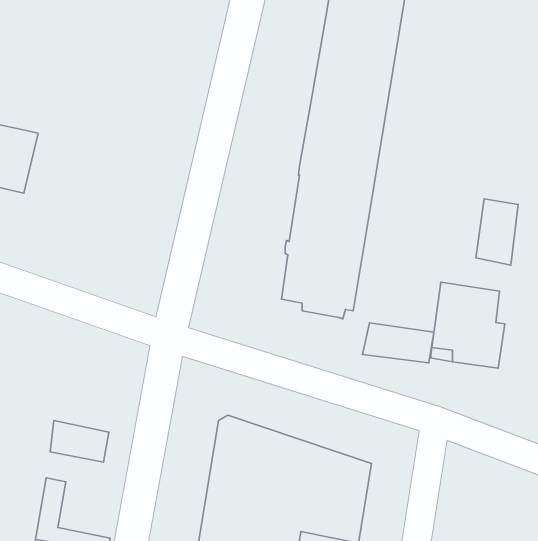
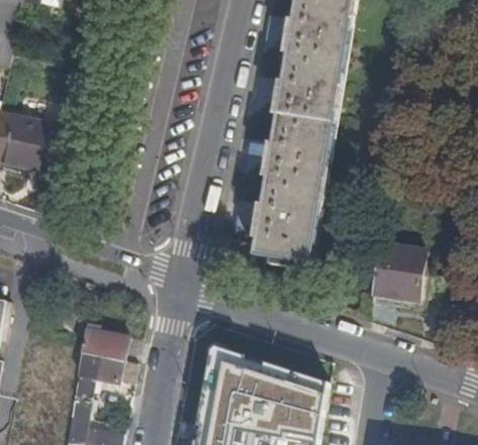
building: [476,199,518,265] -> none
building: [362,323,434,363] -> none
building: none -> [79,323,125,359]

